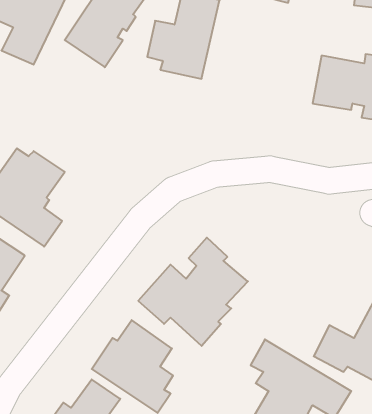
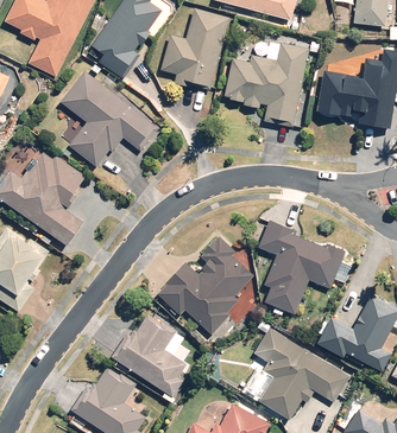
building: none -> [225,40,309,127]
building: none -> [61,70,157,166]
building: none -> [257,218,346,314]

